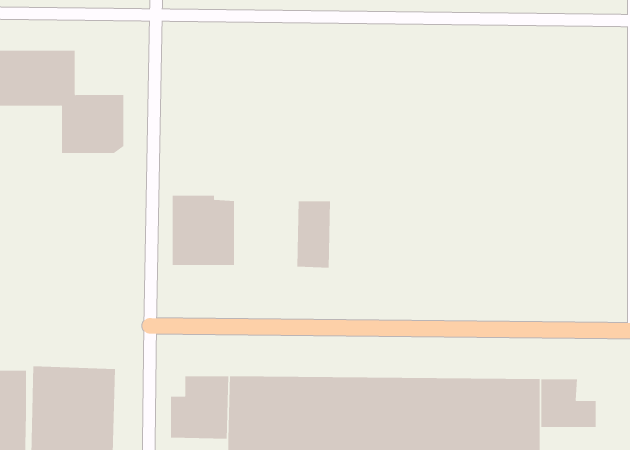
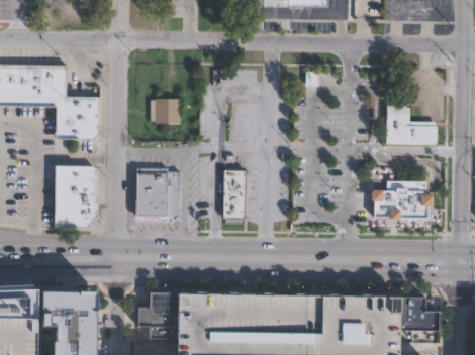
building: none -> [151,98,181,123]
building: none -> [387,107,439,144]
building: none -> [55,165,99,227]
building: none -> [373,181,432,221]

